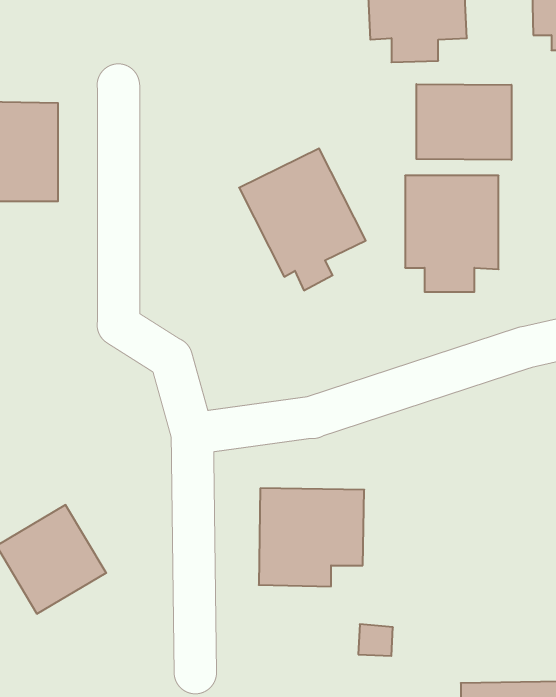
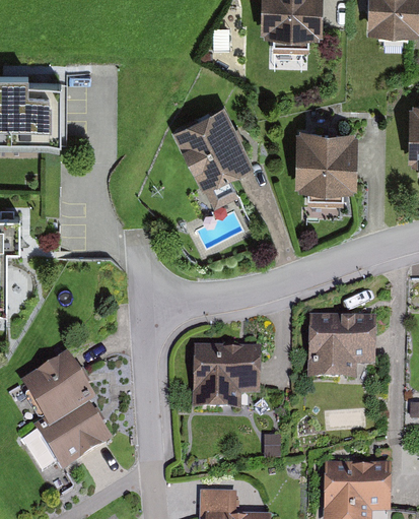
building: [416,84,511,160] -> none
building: none -> [304,310,374,376]
building: none -> [40,400,114,470]

